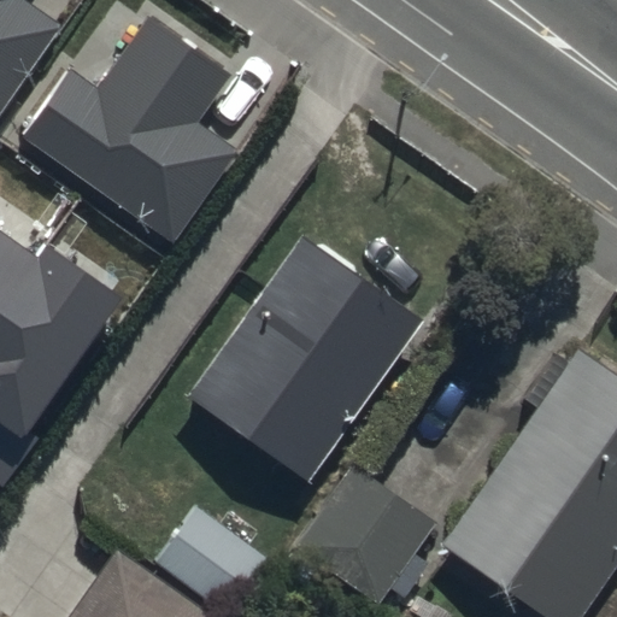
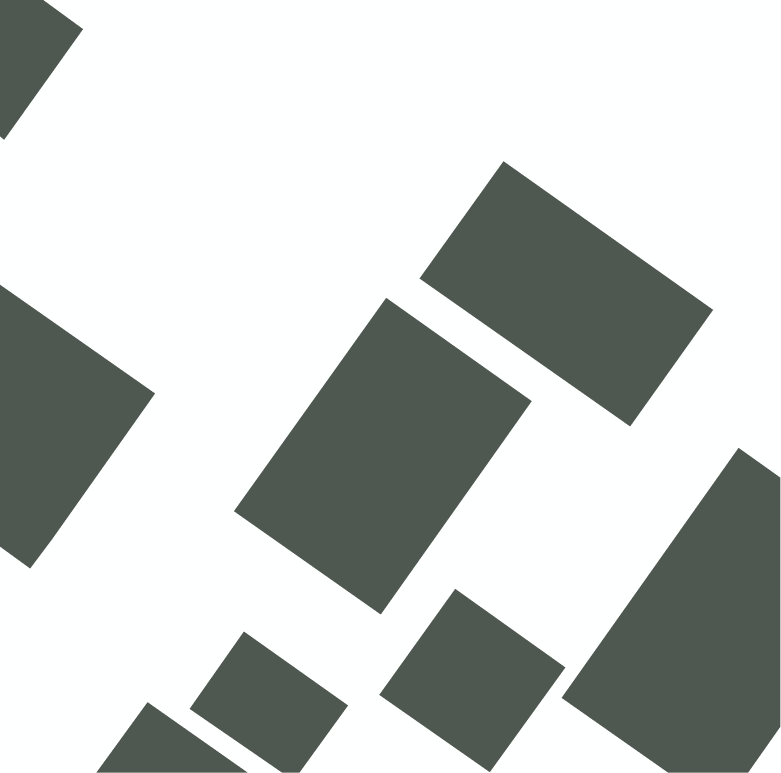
building: [16,16,236,241] -> none
building: none -> [419,160,714,428]

